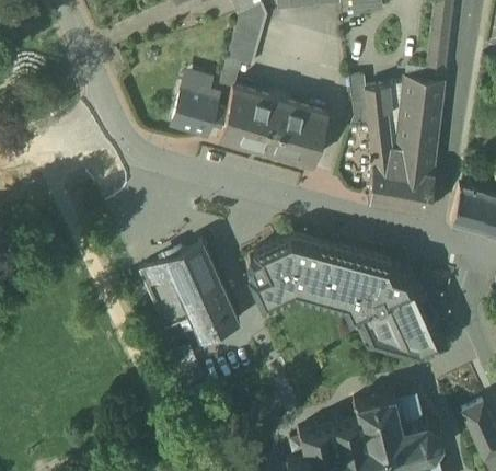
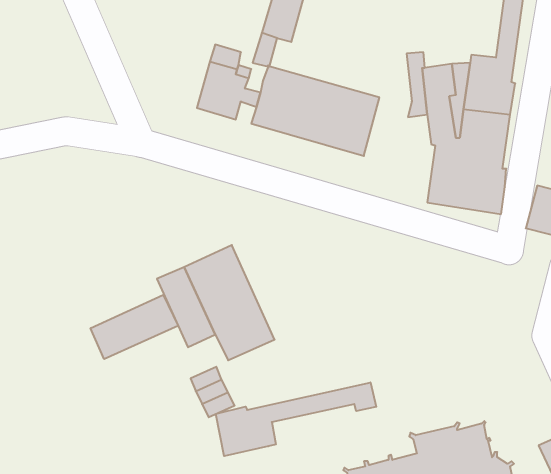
building: [247,236,443,354] -> none
building: none -> [91,295,178,359]
building: none -> [216,382,376,456]

